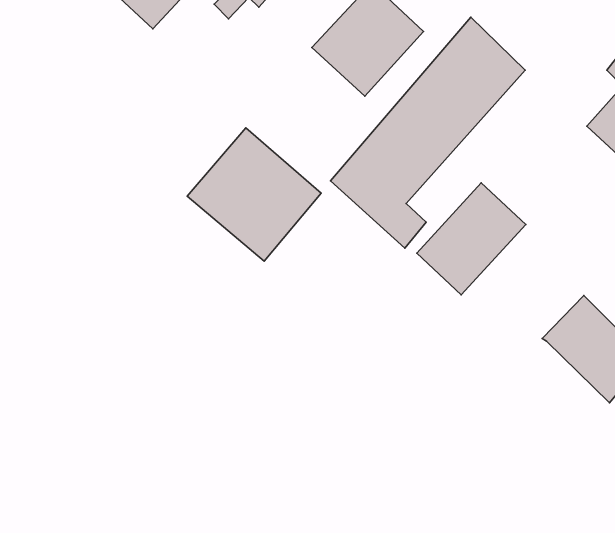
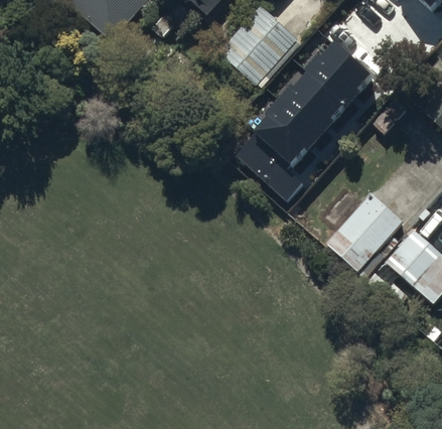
building: [187,128,321,261] -> none
building: [417,183,526,295] -> [326,193,403,272]

